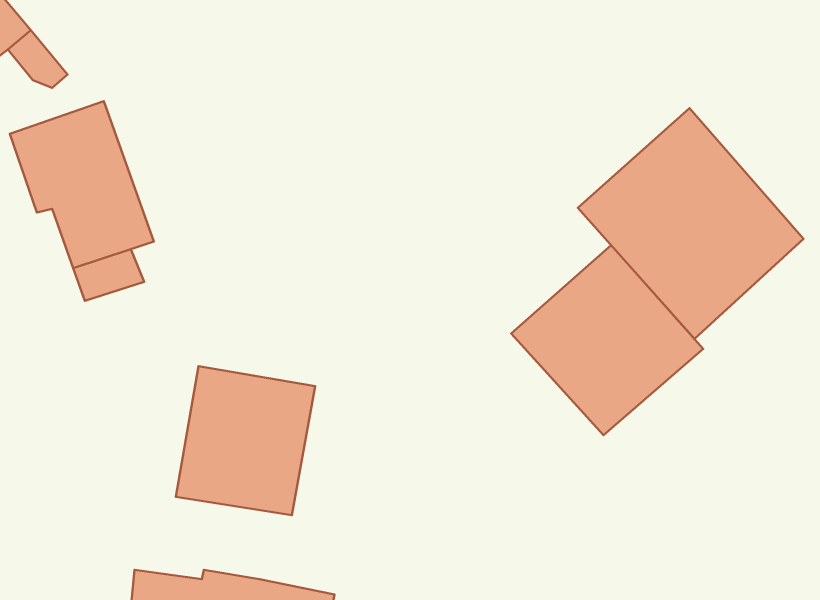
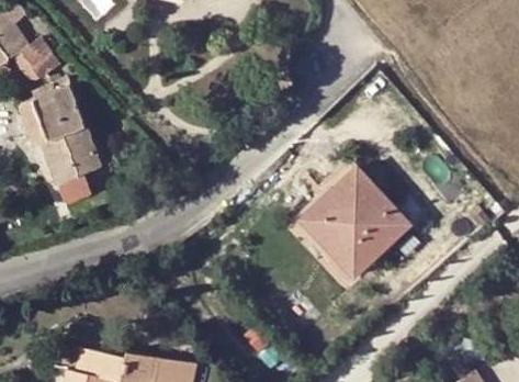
building: [578,108,804,339] -> none
building: [176,366,315,515] -> none

